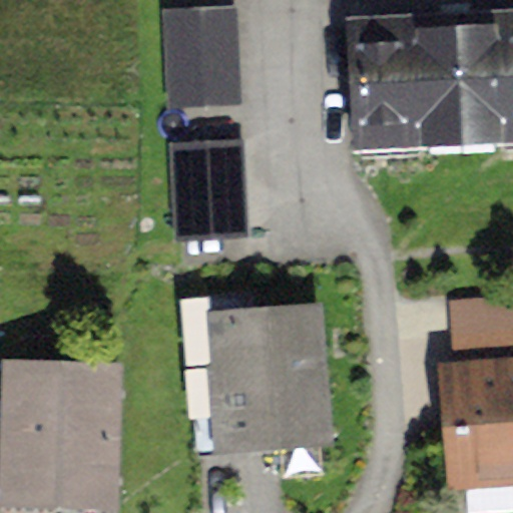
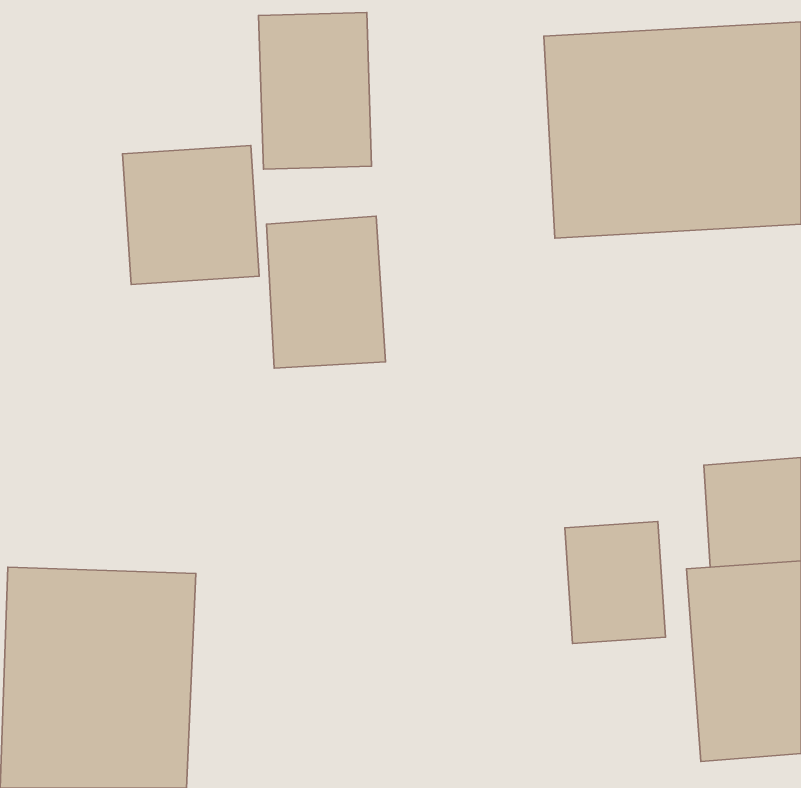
building: none -> [122,145,259,284]
building: [185,290,333,454] -> none
building: none -> [565,521,666,643]

